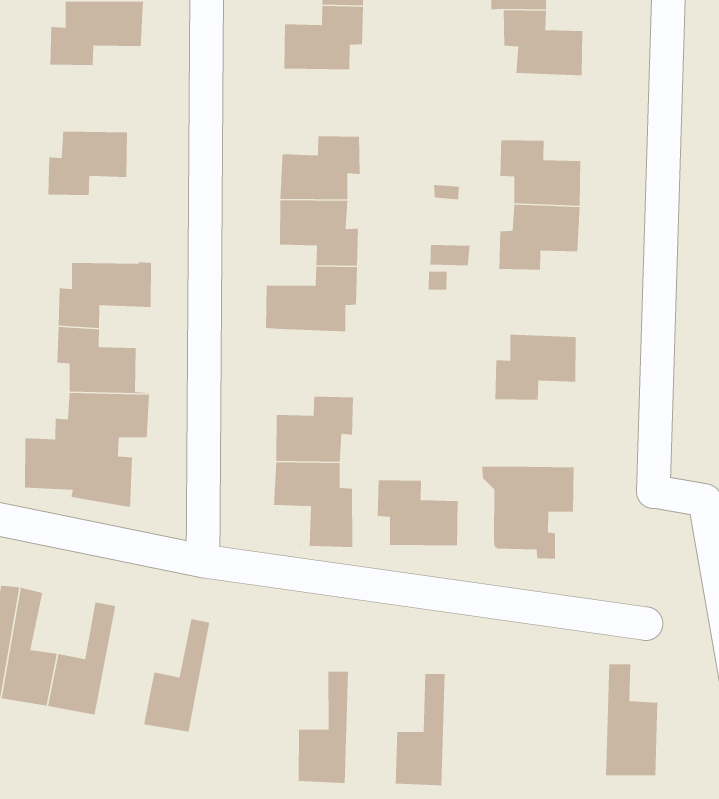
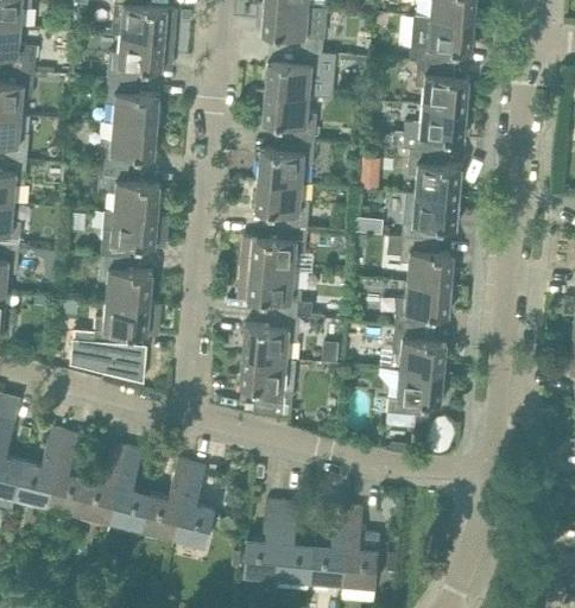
building: none -> [106,80,160,128]
building: none -> [263,93,316,141]
building: none -> [390,106,467,152]
building: none -> [97,167,160,217]
building: none -> [399,238,454,286]
building: none -> [238,267,301,317]
building: [377,479,458,546] -> [391,325,447,374]
building: none -> [109,448,151,530]
building: none -> [172,463,215,546]
building: [605,663,658,776] -> [341,508,380,587]
building: none -> [276,502,312,581]

